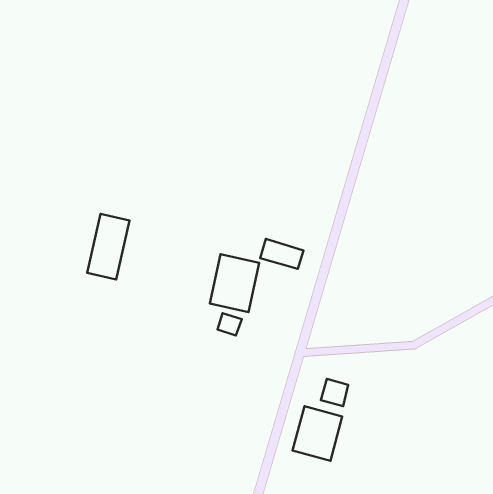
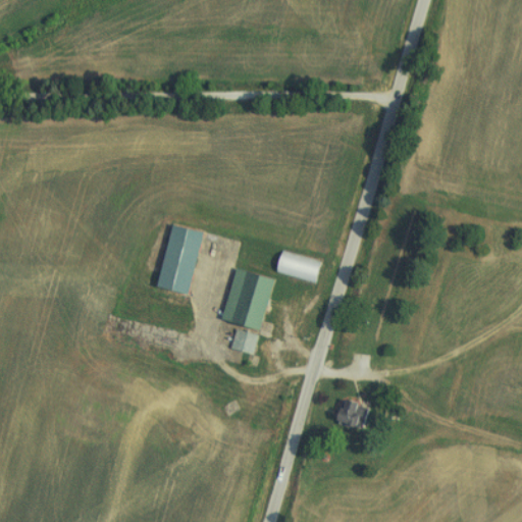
building: [87,214,130,279] -> [157,224,202,294]
building: [293,406,342,461] -> none

